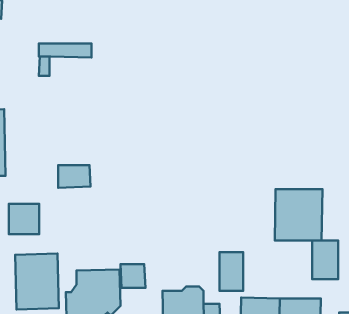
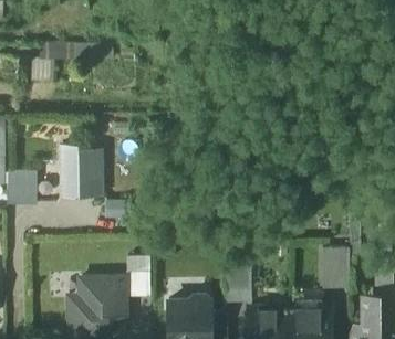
building: none -> [61,146,94,171]
building: [275,189,322,240] -> none
building: [9,204,39,234] -> [7,171,38,202]
building: [15,254,59,309] -> none

